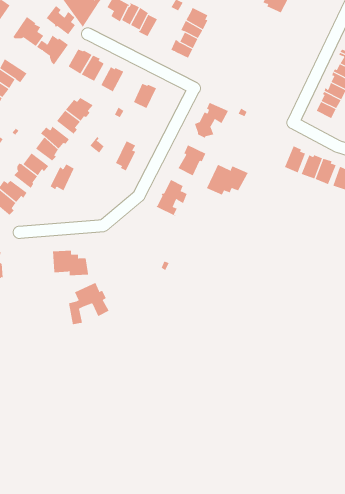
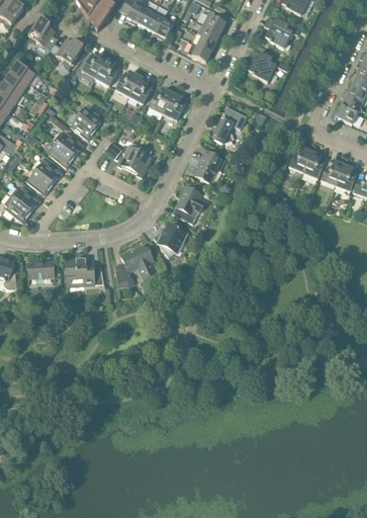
building: [46,4,75,35] -> none
building: none -> [265,18,299,49]
building: none -> [248,51,288,82]
building: none -> [128,75,153,103]
building: none -> [163,92,186,120]
building: none -> [289,147,312,173]
building: [206,154,255,199] -> none
building: [50,164,75,191] -> [116,141,142,169]
building: none -> [153,222,187,257]
building: none -> [27,260,55,282]
building: [68,282,110,325] -> [114,244,157,287]

